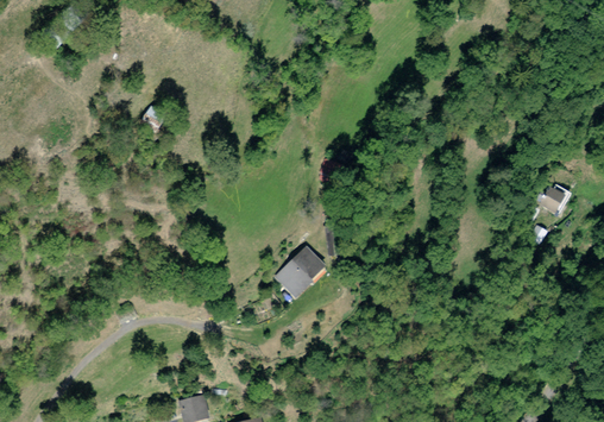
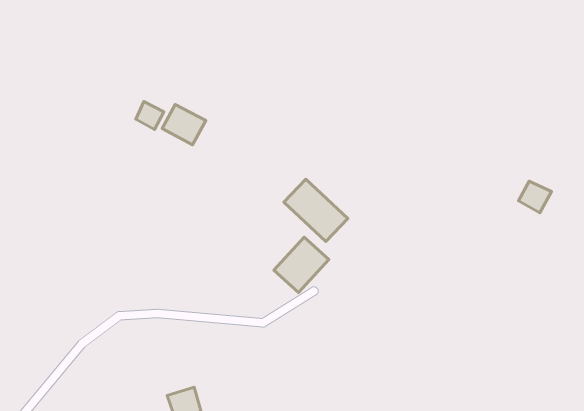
building: none -> [162,104,206,145]
building: none -> [284,179,348,241]

